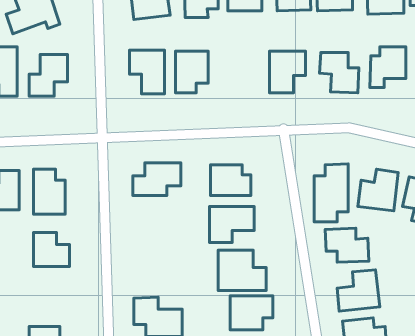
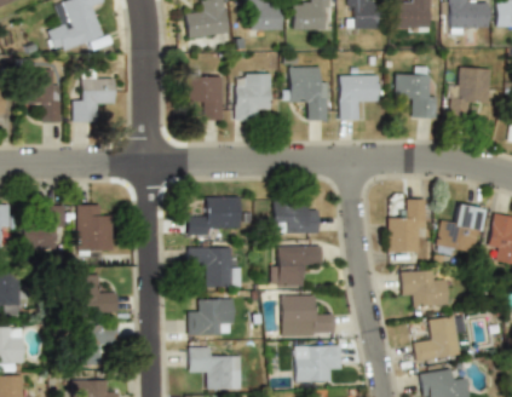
building: none -> [288,68,328,121]
building: none -> [189,247,242,288]
building: none -> [189,299,235,335]
building: none -> [80,326,119,366]

